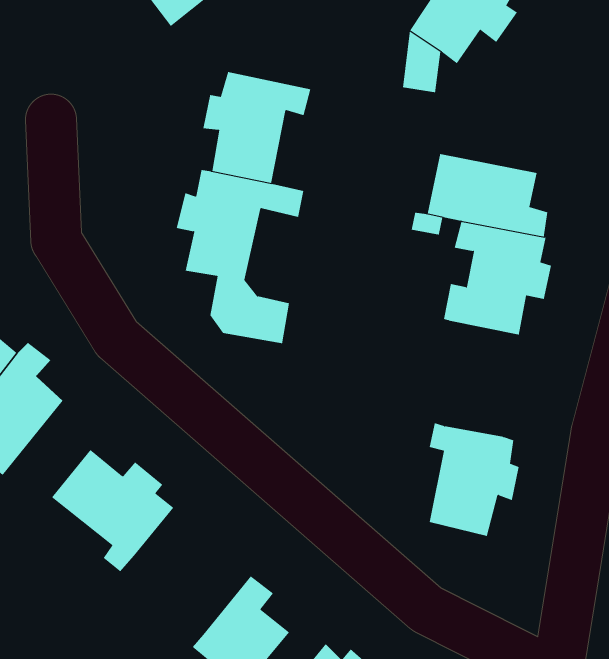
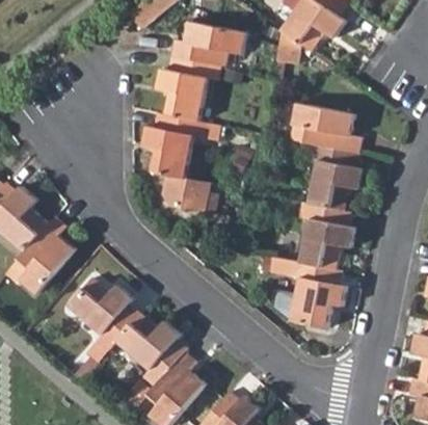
building: none -> [172,23,244,68]
building: none -> [297,203,352,270]
building: none -> [118,312,189,386]

